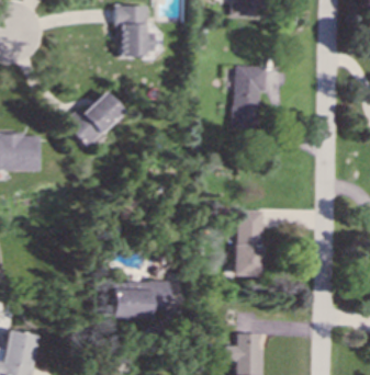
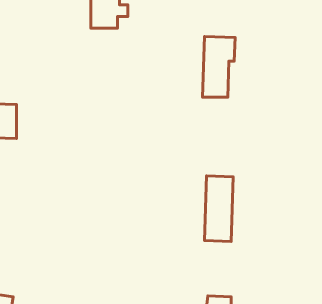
building: [64,91,125,147] -> none
building: [113,281,170,319] -> none

